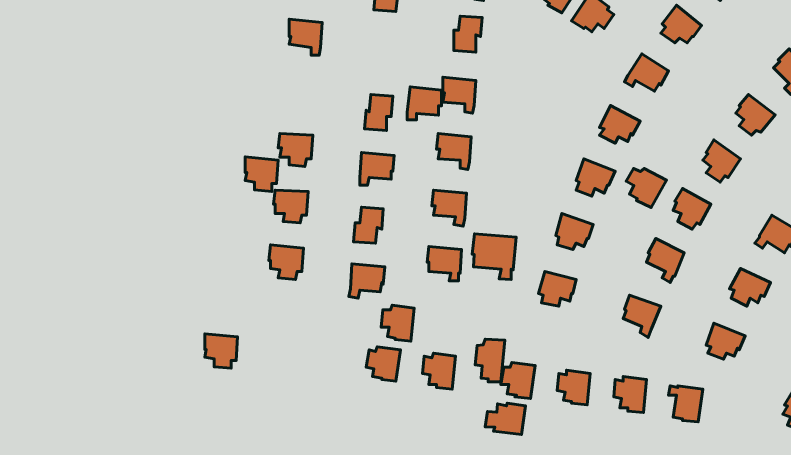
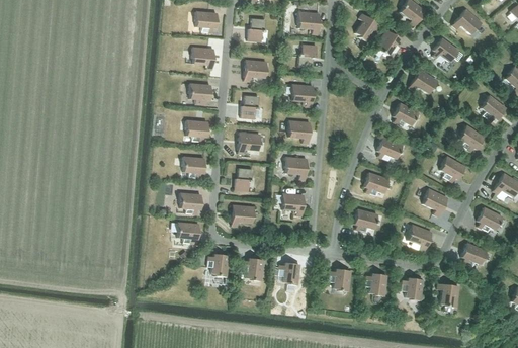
building: [407,87,442,120] -> [244,59,266,80]
building: [245,157,278,191] -> [189,82,210,104]
building: [626,168,667,208] -> none
building: [472,234,516,280] -> none
building: [381,305,414,341] -> [207,252,229,275]
building: [205,334,238,368] -> [177,221,198,243]
building: [475,339,505,382] -> none
building: [485,403,526,435] -> none

